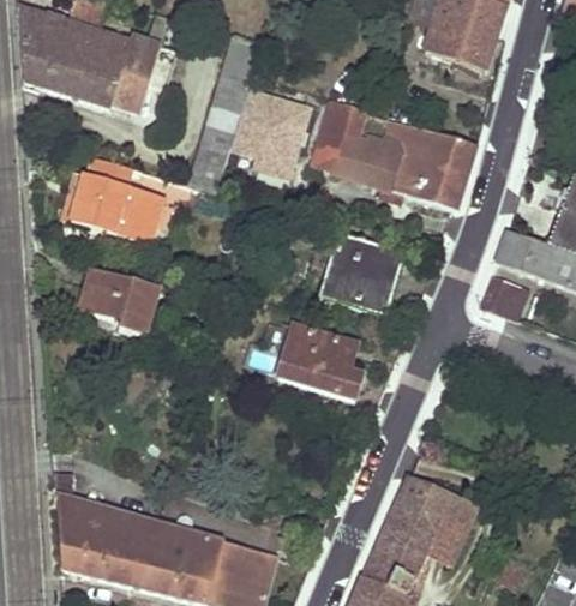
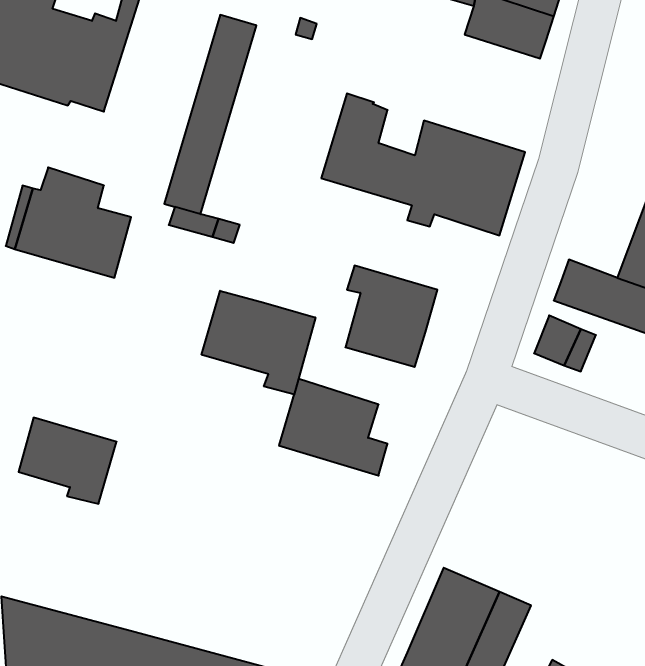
building: [232,91,310,178] -> none
building: none -> [202,291,315,394]
building: [80,268,158,336] -> [19,418,117,504]

